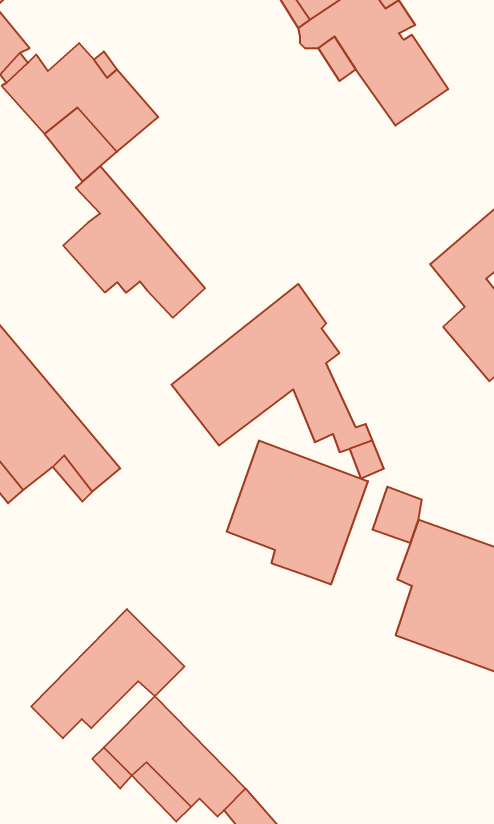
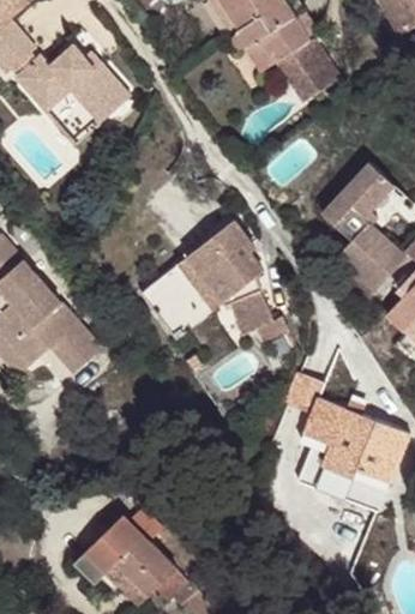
building: [63,166,205,318] -> none
building: [227,440,368,585] -> none
building: [31,609,184,738] -> none

